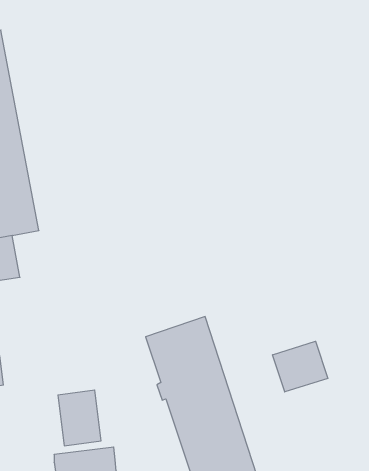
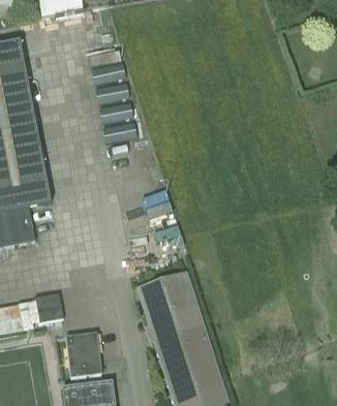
building: [273,341,328,392] -> none
building: none -> [34,292,64,321]

